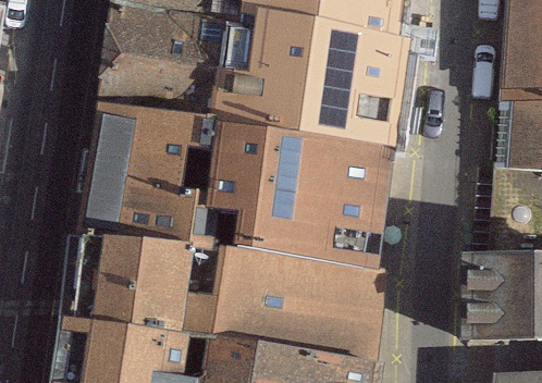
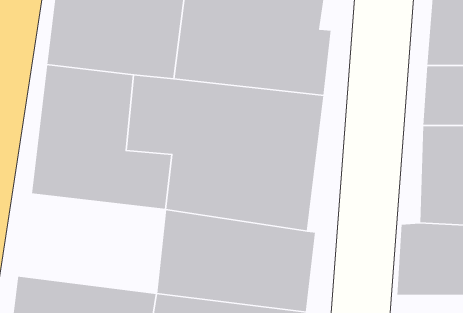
building: [71,236,226,341] -> none

